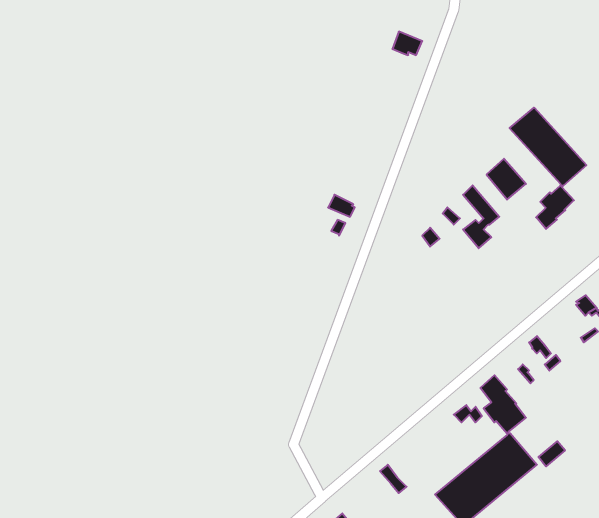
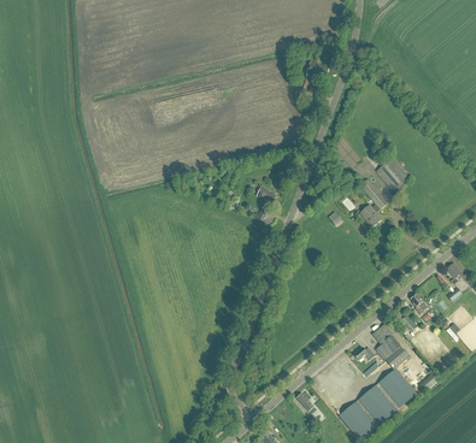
building: [510,108,586,229] -> none

